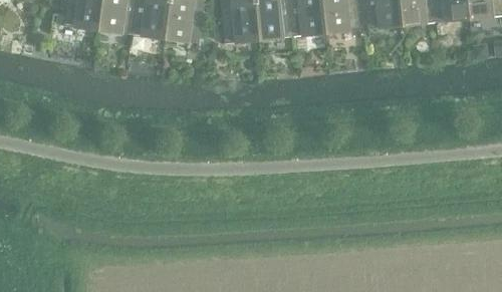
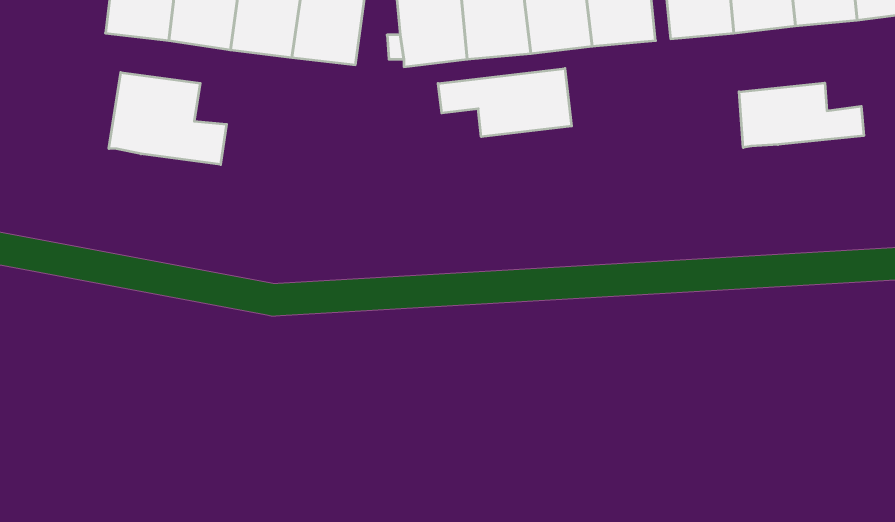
building: none -> [438,68,572,137]
building: none -> [109,72,227,165]
building: none -> [739,83,864,148]

